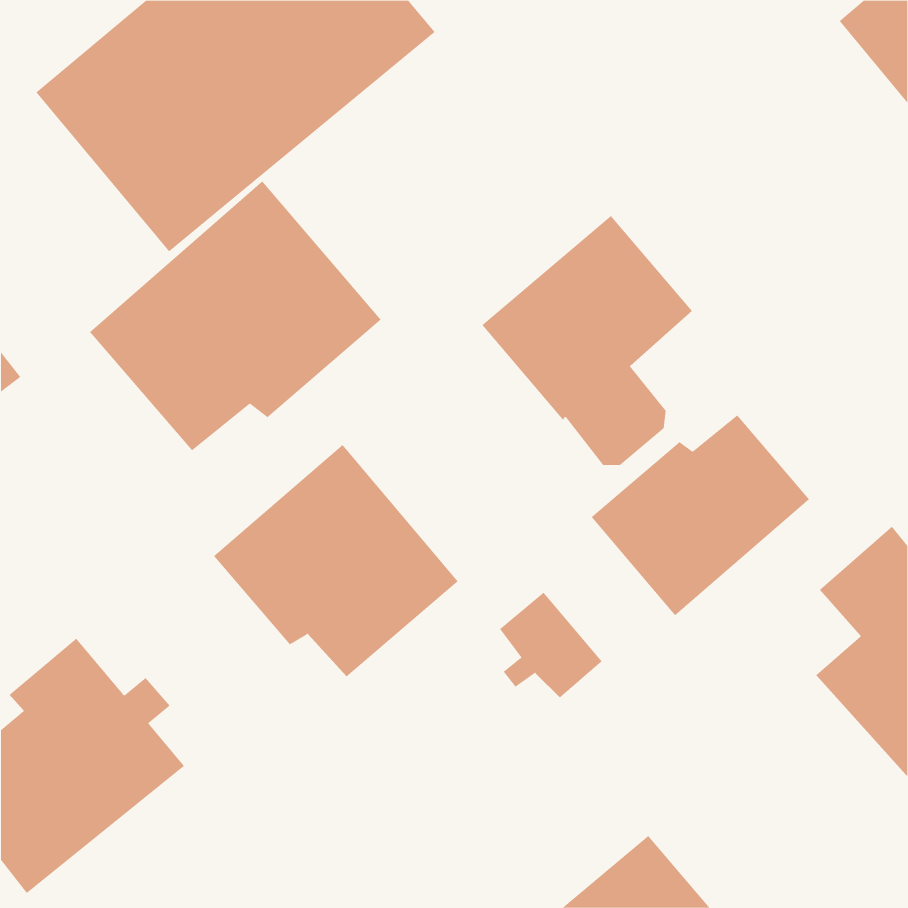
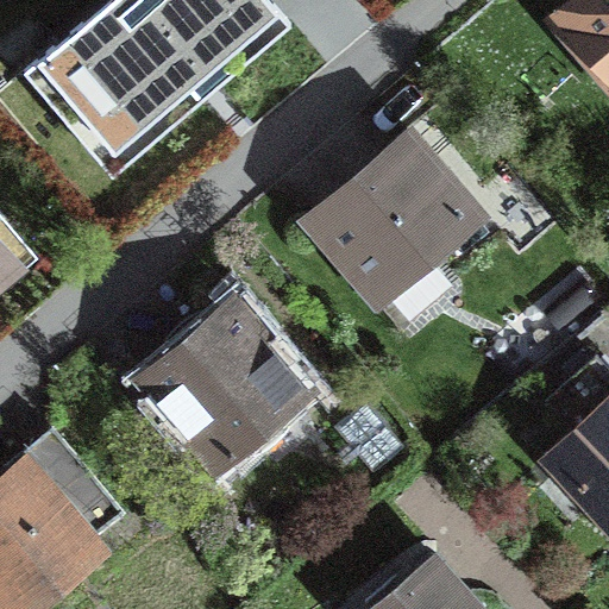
building: [89,181,382,451] -> none
building: [591,415,810,616] -> none

